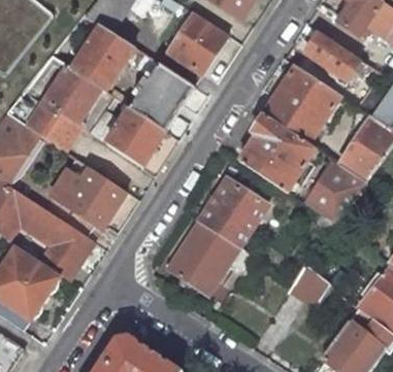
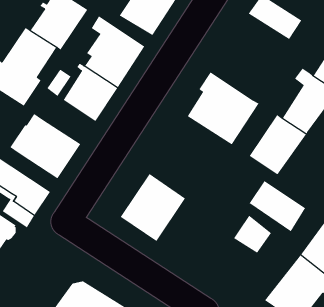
building: [263,65,339,143] -> none
building: [198,178,265,248] -> none
building: none -> [249,180,306,232]

